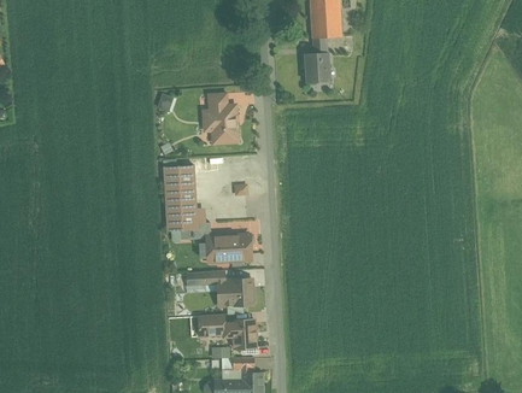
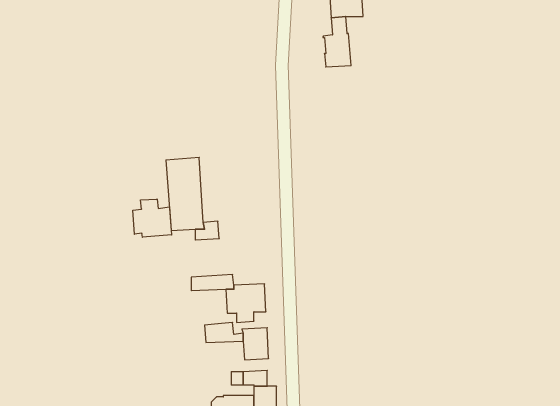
building: [203,93,235,141] -> none
building: none -> [133,199,172,237]
building: [207,234,250,263] -> none

